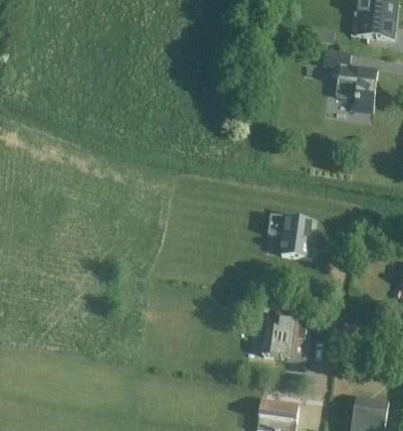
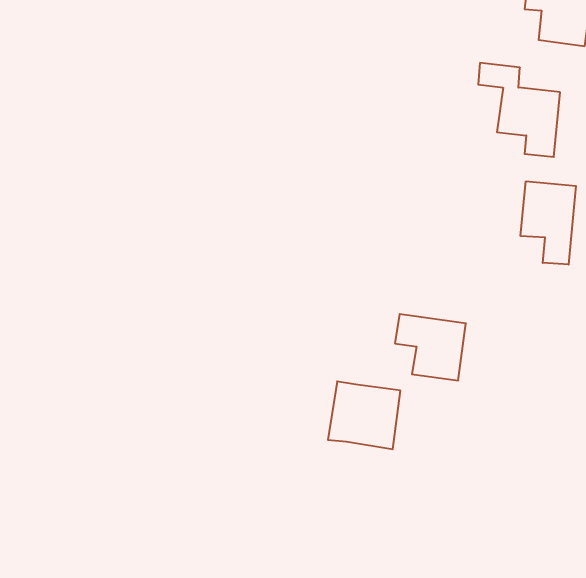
building: none -> [521,181,576,265]
building: [261,316,309,361] -> [328,381,400,449]

